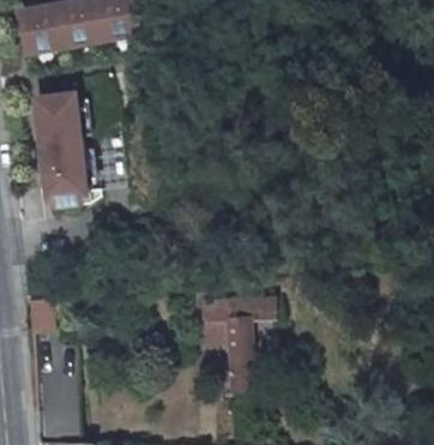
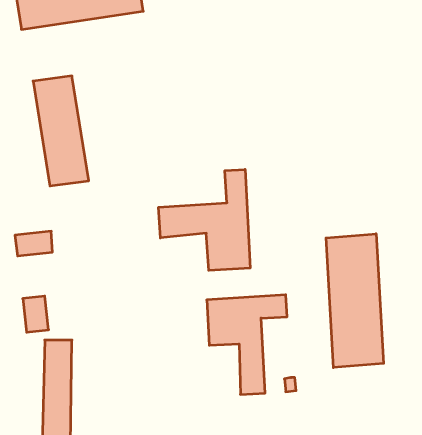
building: none -> [159,169,250,270]
building: none -> [326,234,384,368]

